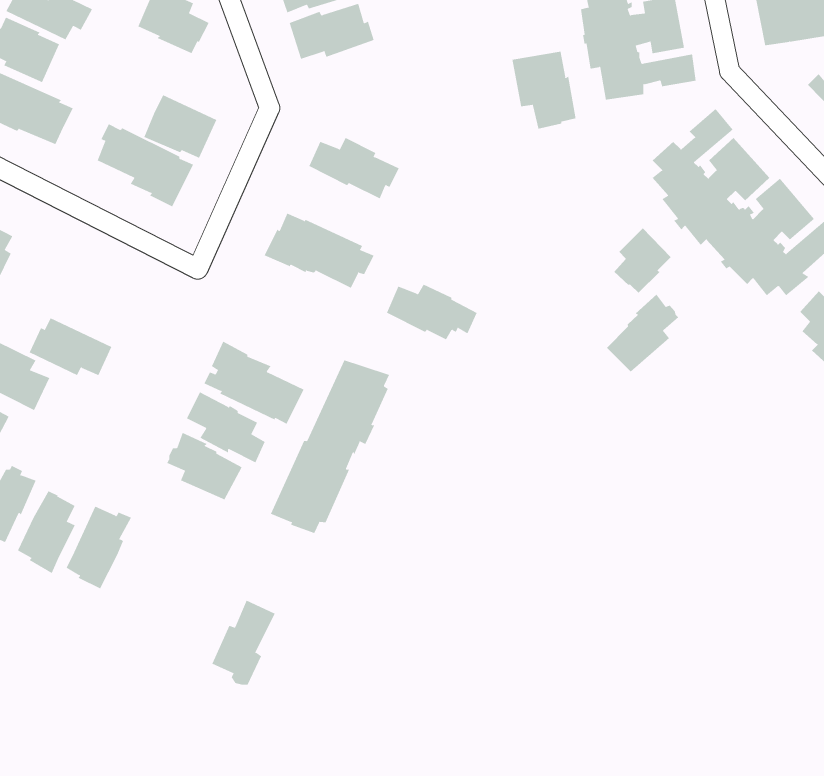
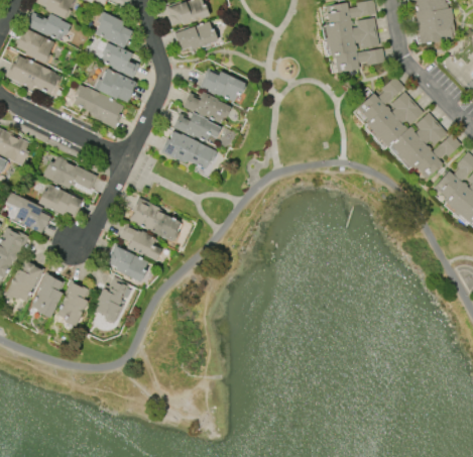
building: none -> [101,42,139,79]
building: [512,51,576,130] -> none
building: none -> [200,69,246,103]
building: [613,228,671,293] -> none
building: none -> [43,156,98,191]
building: [386,284,478,340] -> [173,113,221,142]
building: [606,294,679,373] -> none
building: [270,360,390,534] -> none
building: [211,600,275,685] -> [96,276,129,321]

